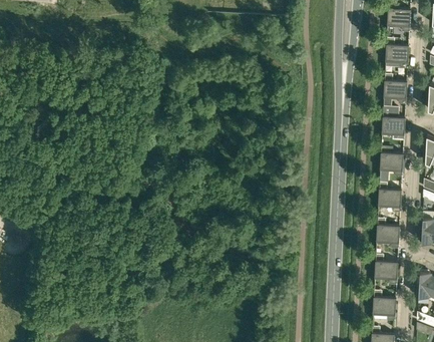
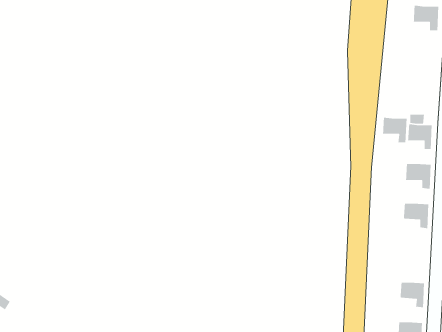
building: [386,44,409,68] -> none
building: [384,80,407,104] -> [382,117,407,143]
building: [377,225,400,249] -> none

